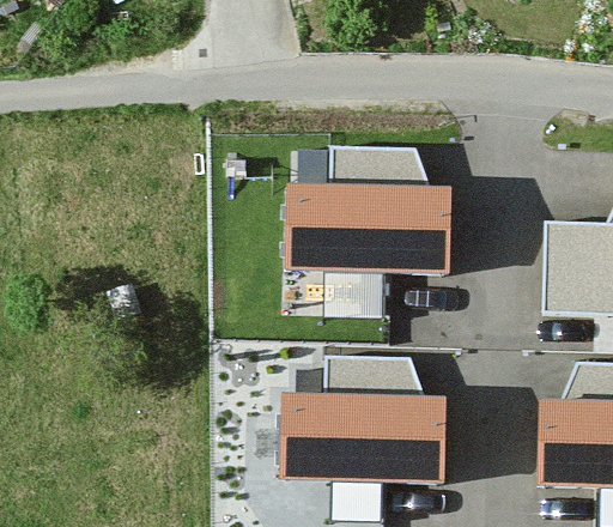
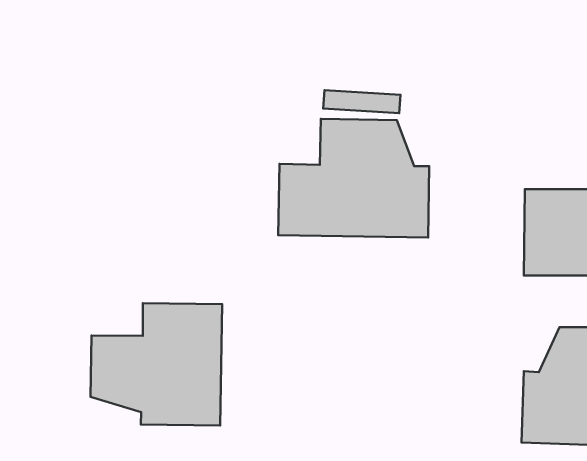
building: none -> [91,303,222,426]
building: [284,357,442,480] -> none

